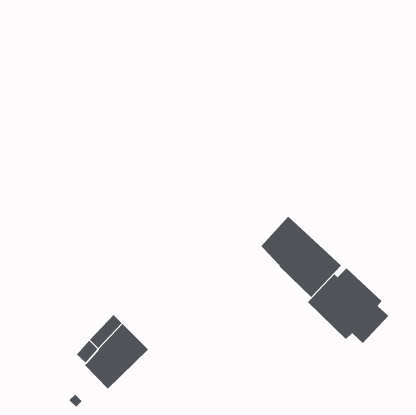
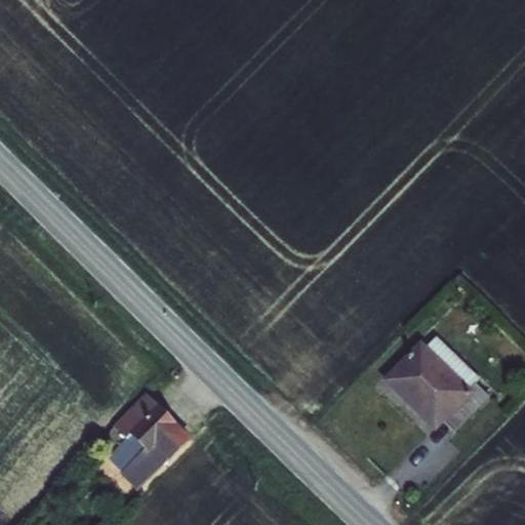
building: [261,216,342,298] -> none

